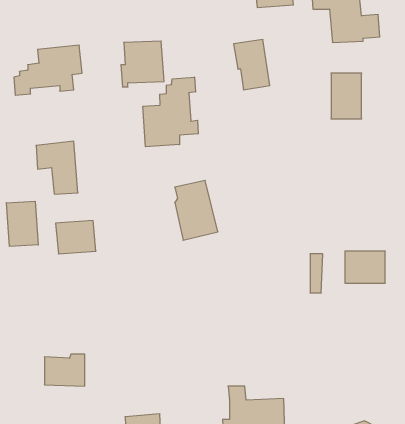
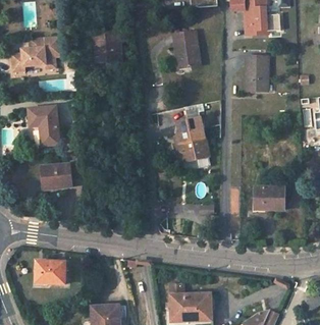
building: [143,77,198,147] -> none
building: [175,180,218,240] -> [177,117,209,161]
building: [6,201,38,246] -> none

